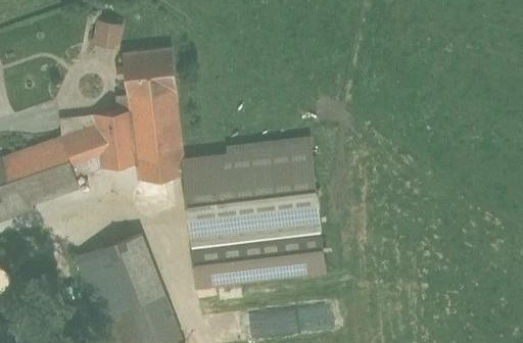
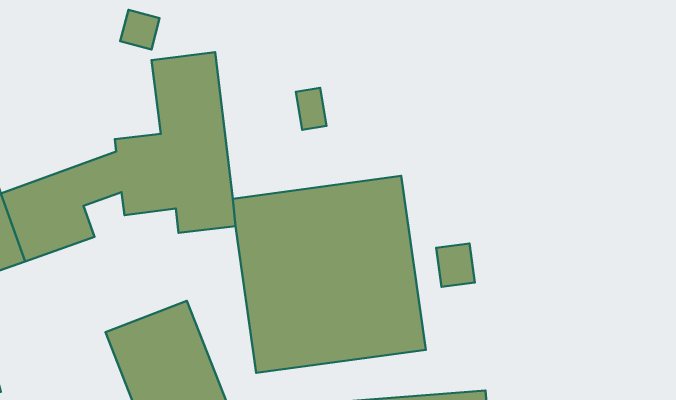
building: none -> [296,88,326,130]
building: none -> [436,243,475,287]

